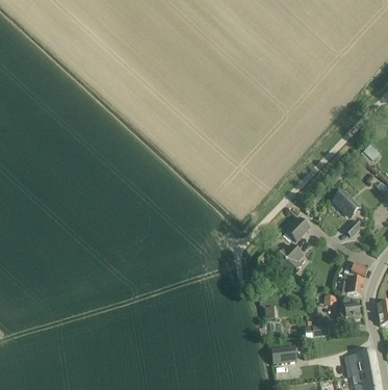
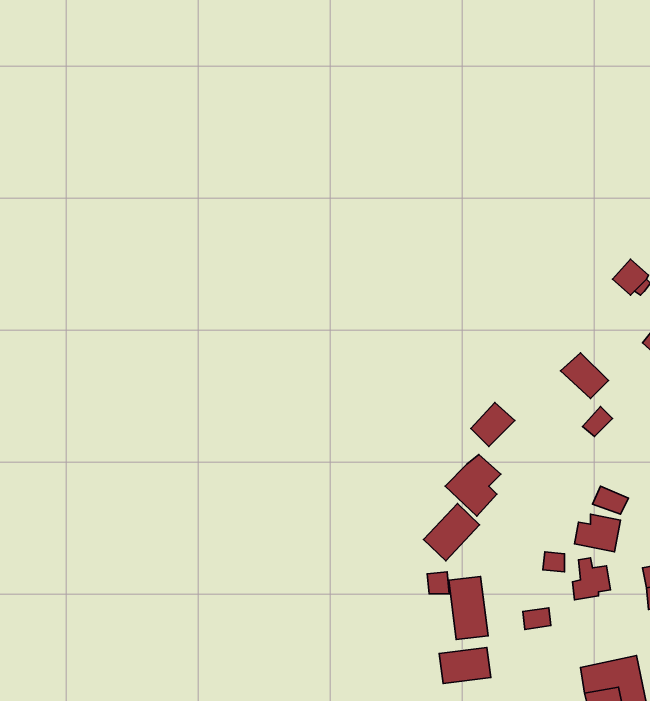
building: none -> [424,504,480,561]
building: none -> [449,577,488,639]

